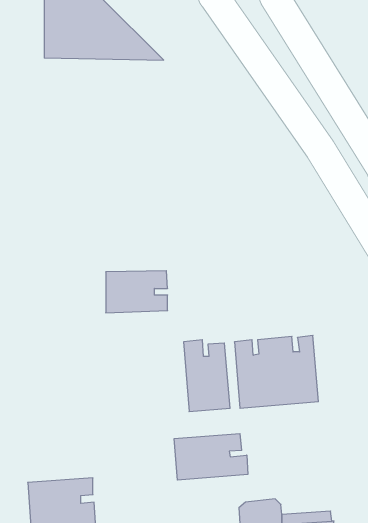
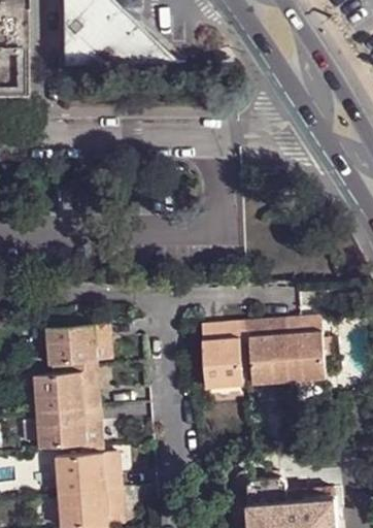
building: [106,271,168,313] -> [47,324,105,363]
building: none -> [37,372,96,447]
building: [174,434,248,480] -> none

